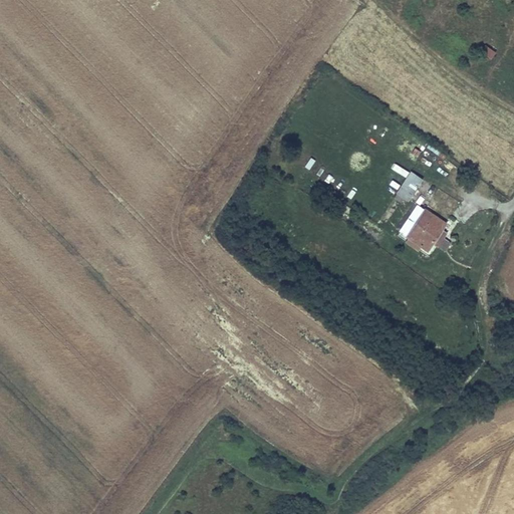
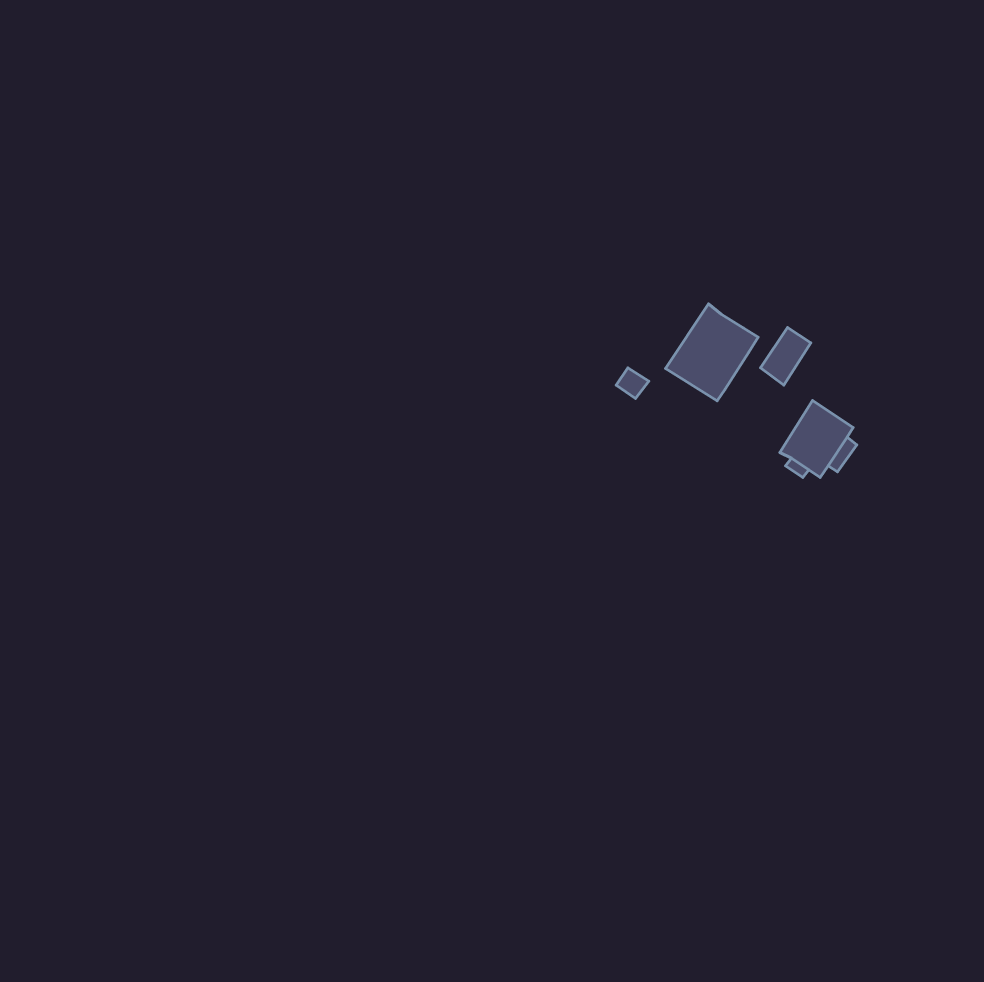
building: none -> [666,304,758,401]

